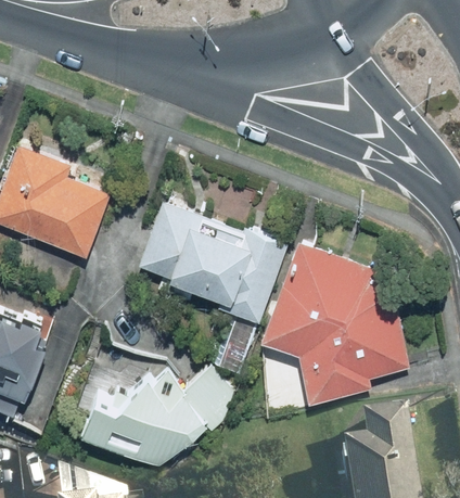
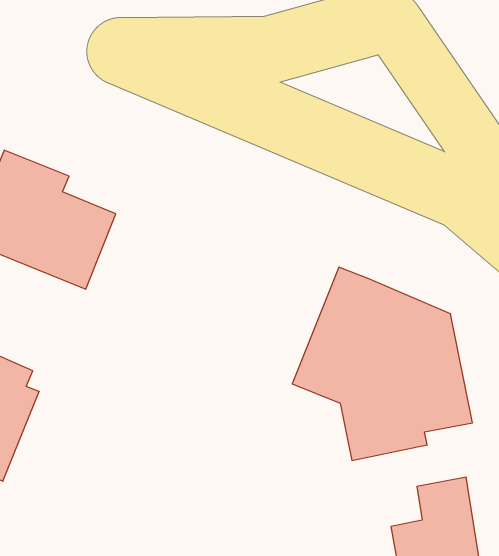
building: [137,201,286,323] -> none
building: [80,370,240,465] -> none

